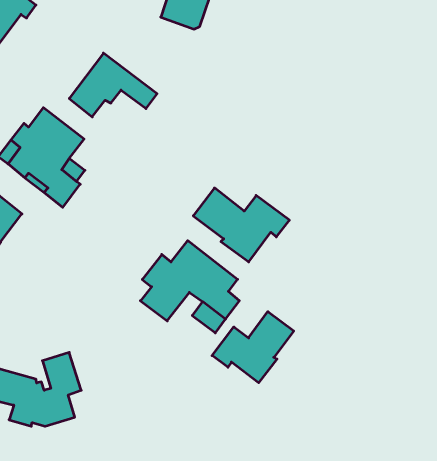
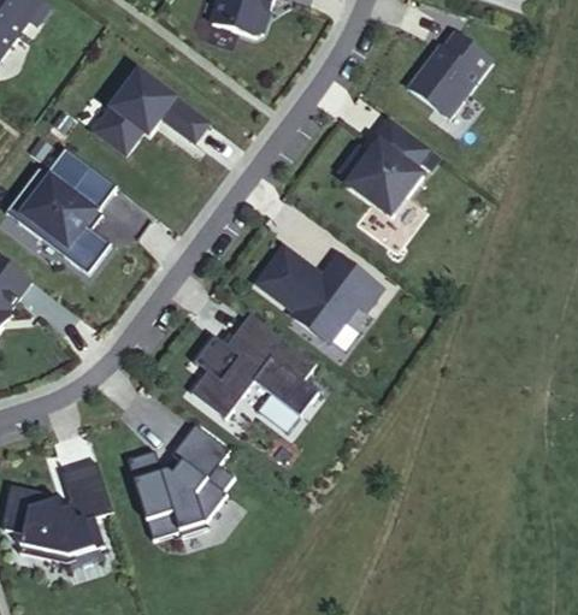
building: none -> [411,35,494,120]
building: none -> [341,120,430,217]
building: [212,312,294,383] -> none
building: none -> [123,422,230,537]

